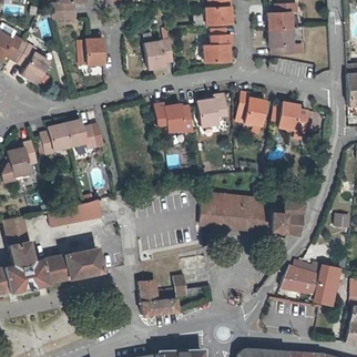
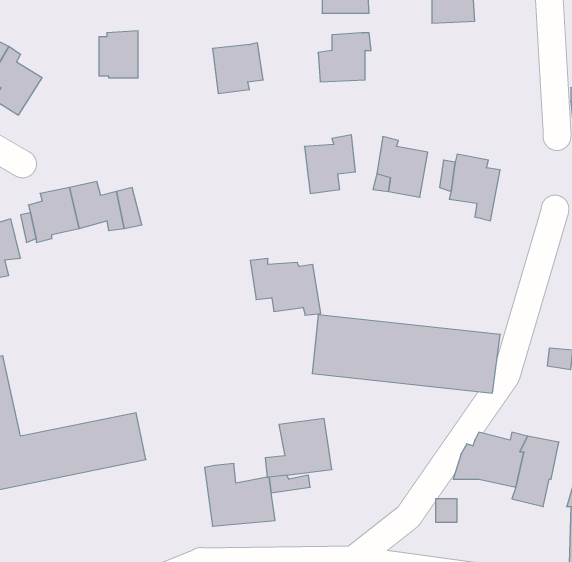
building: [268,29,294,54] -> none
building: [153,101,193,133] -> [250,259,321,315]
building: [49,198,102,227] -> none

